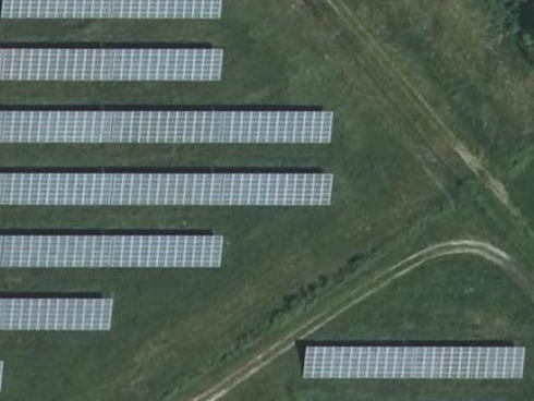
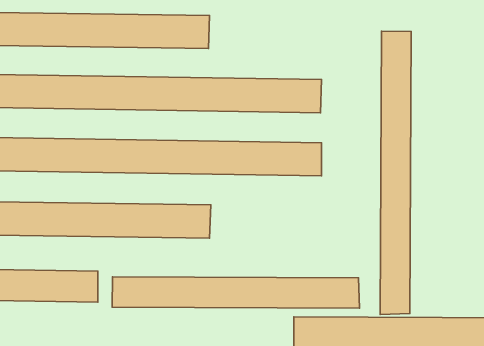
building: none -> [380,31,411,315]
building: none -> [112,277,359,308]

